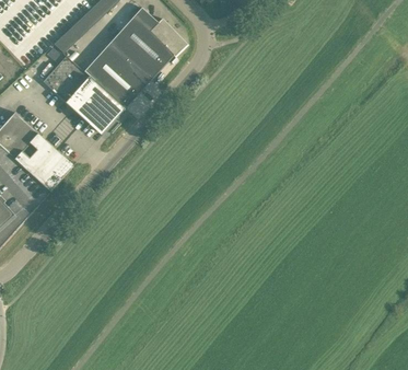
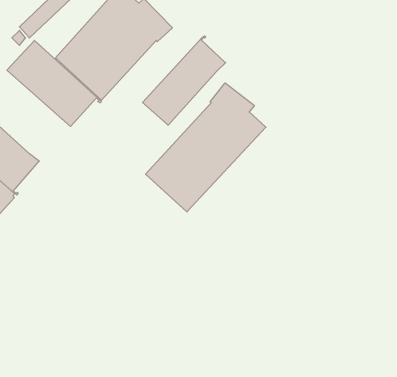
building: none -> [143,36,226,125]
building: none -> [146,83,266,212]

